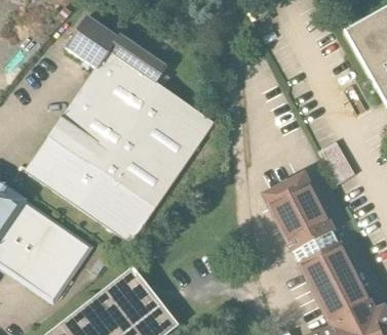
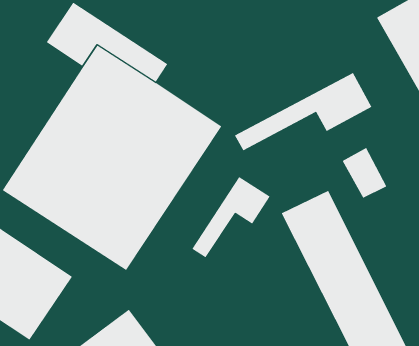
building: none -> [234,72,372,151]
building: none -> [191,176,270,258]

